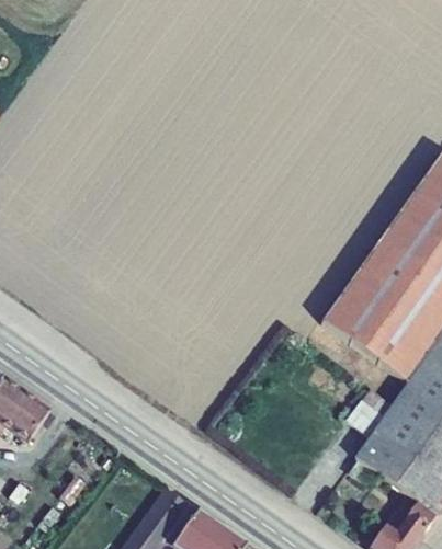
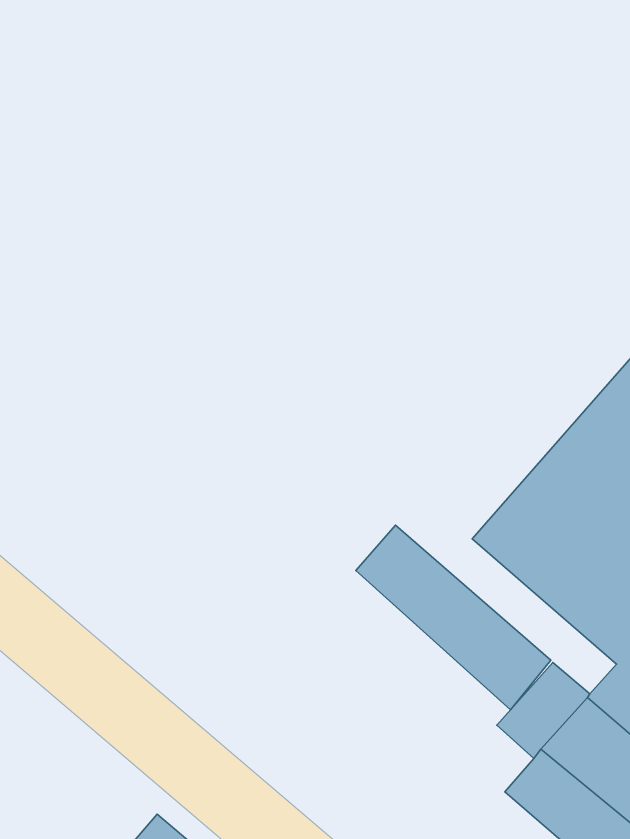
building: none -> [356,525,551,710]

